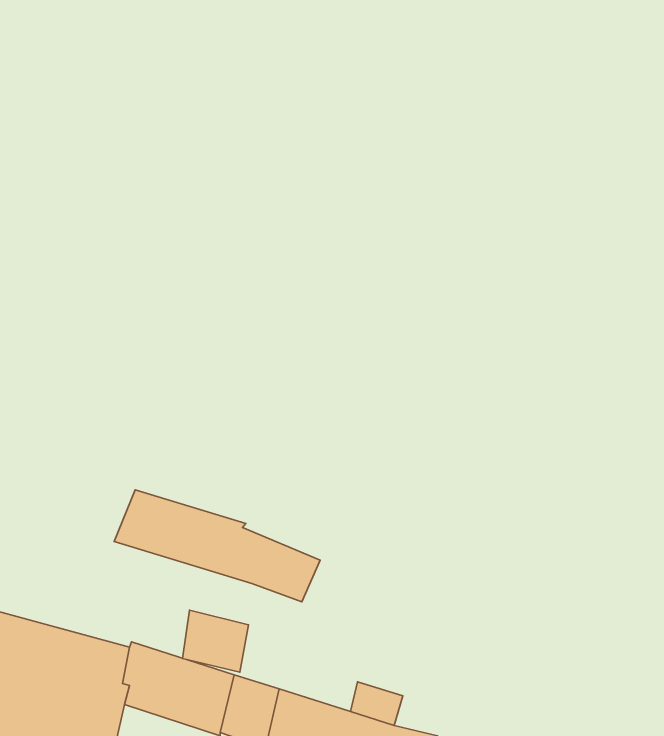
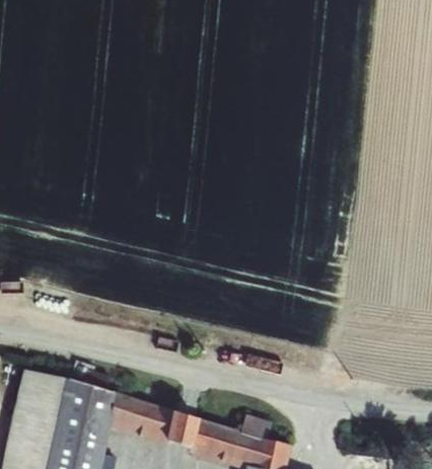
building: [114,490,320,602] -> none
building: [183,610,249,672] -> none

